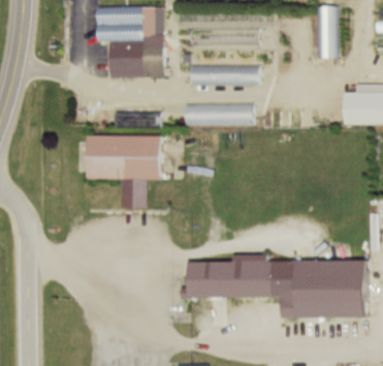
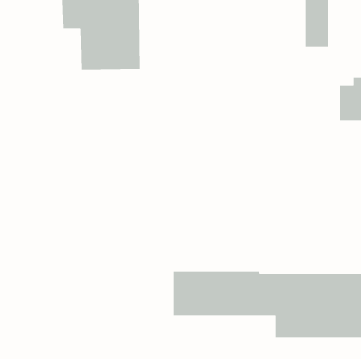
building: [188,64,256,84] -> none
building: [182,102,252,123] -> none
building: [88,134,163,208] -> none

